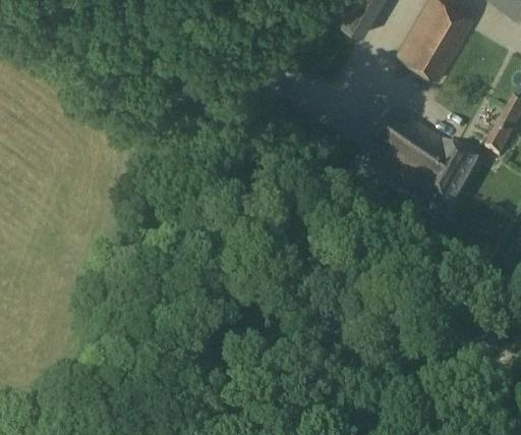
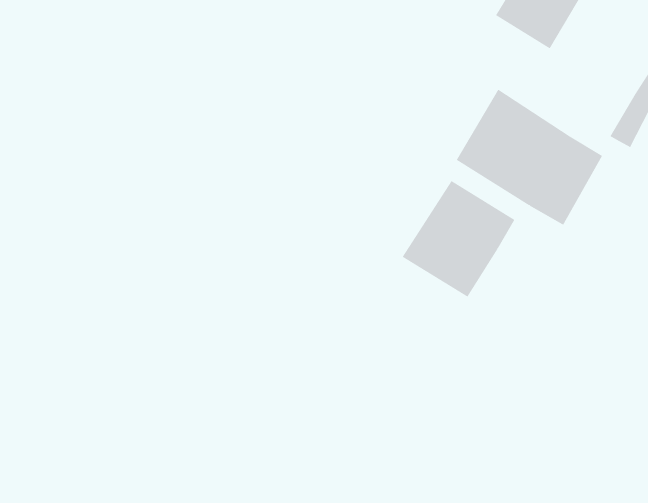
building: none -> [402,180,515,298]

